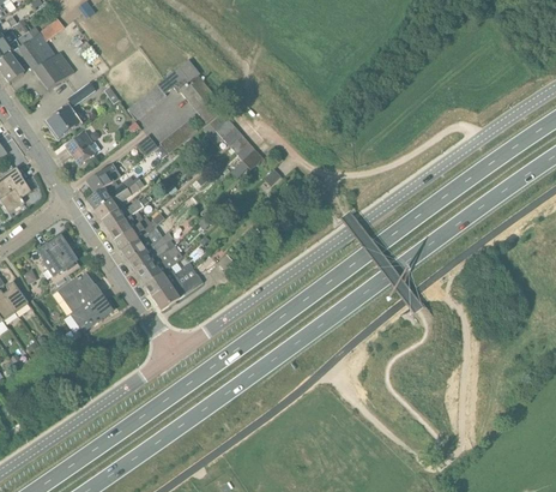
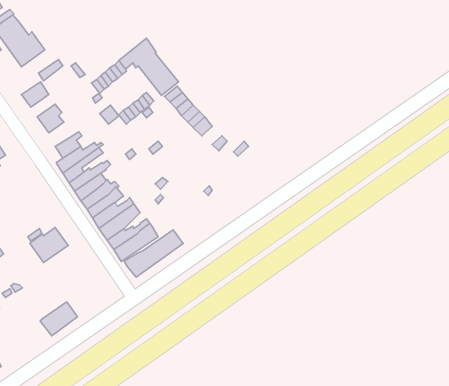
building: [37,235,75,274] -> none
building: none -> [124,230,183,277]
building: [70,293,111,331] -> [40,302,77,336]

